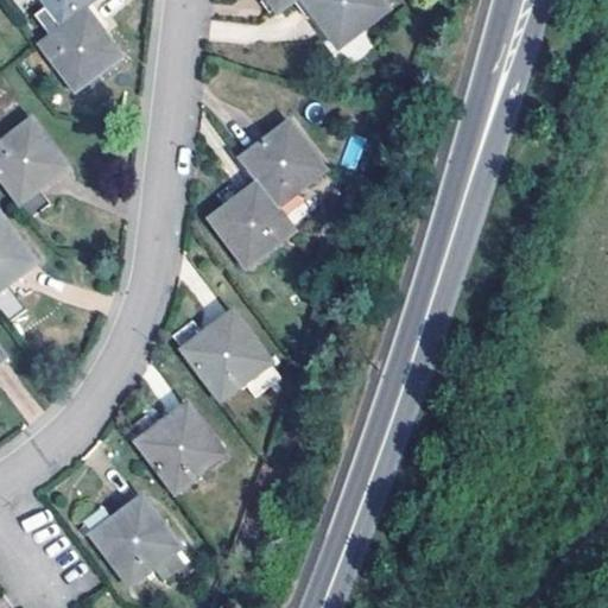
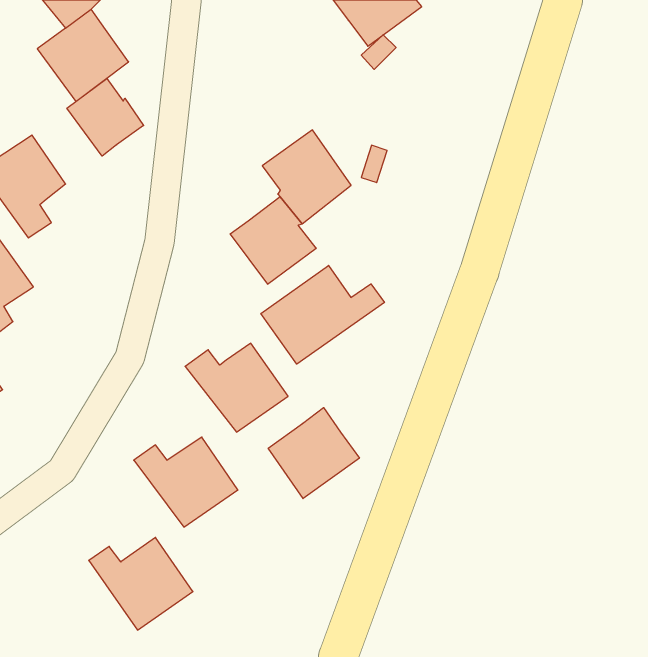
building: none -> [67,78,144,156]
building: none -> [261,265,384,364]
building: none -> [268,408,359,499]

